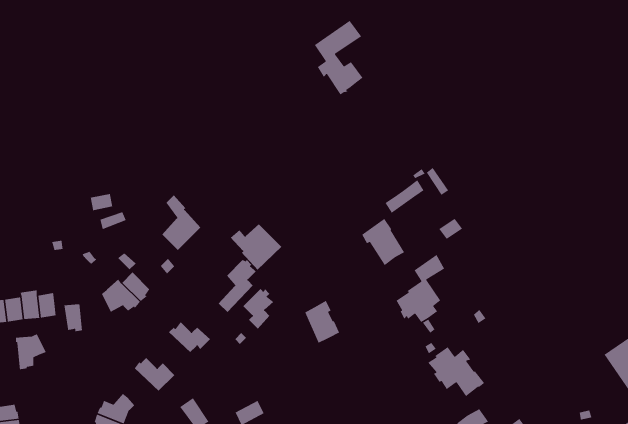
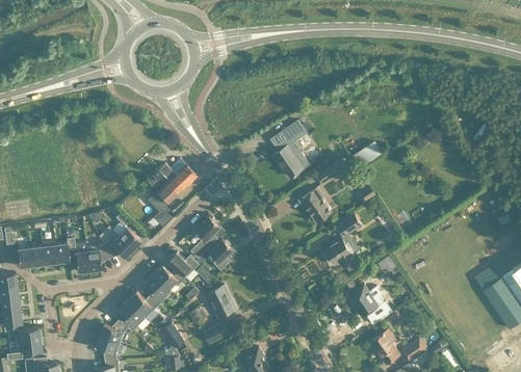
building: [314,20,364,96] -> [271,121,309,178]
building: [230,224,282,270] -> [158,159,198,194]
building: [304,300,340,344] -> [208,285,235,318]
building: none -> [168,251,200,278]
building: none -> [146,273,173,305]
building: [15,333,47,370] -> [86,244,110,272]
building: none -> [120,300,147,333]

